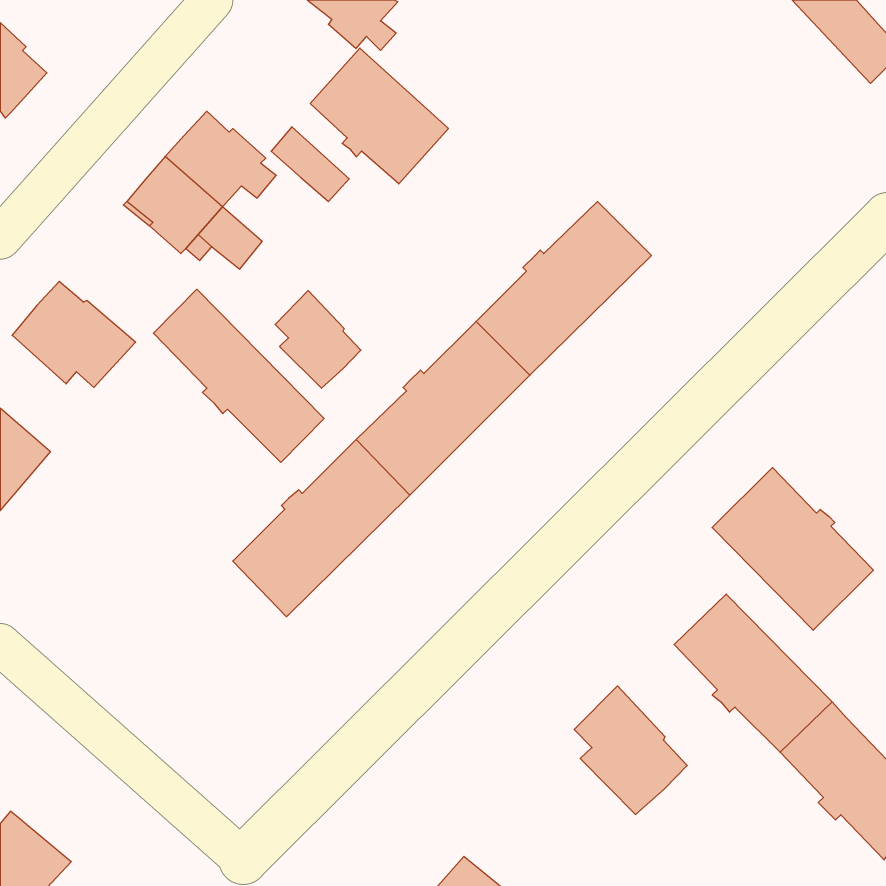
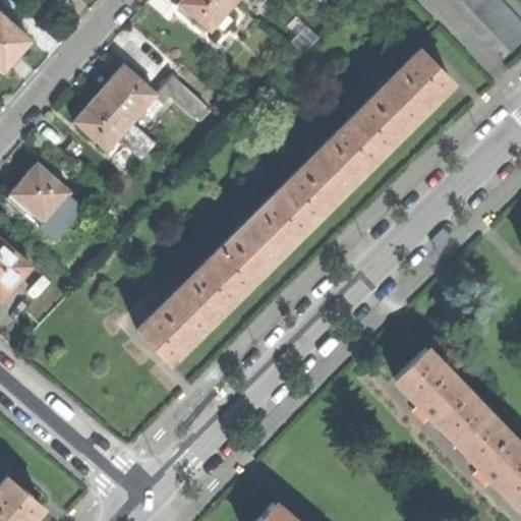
building: [310,48,448,184] -> none
building: none -> [351,50,452,151]
building: [153,289,324,462] -> none
building: [275,291,361,388] -> none
building: [712,468,873,630] -> none
building: [574,686,687,815] -> none

